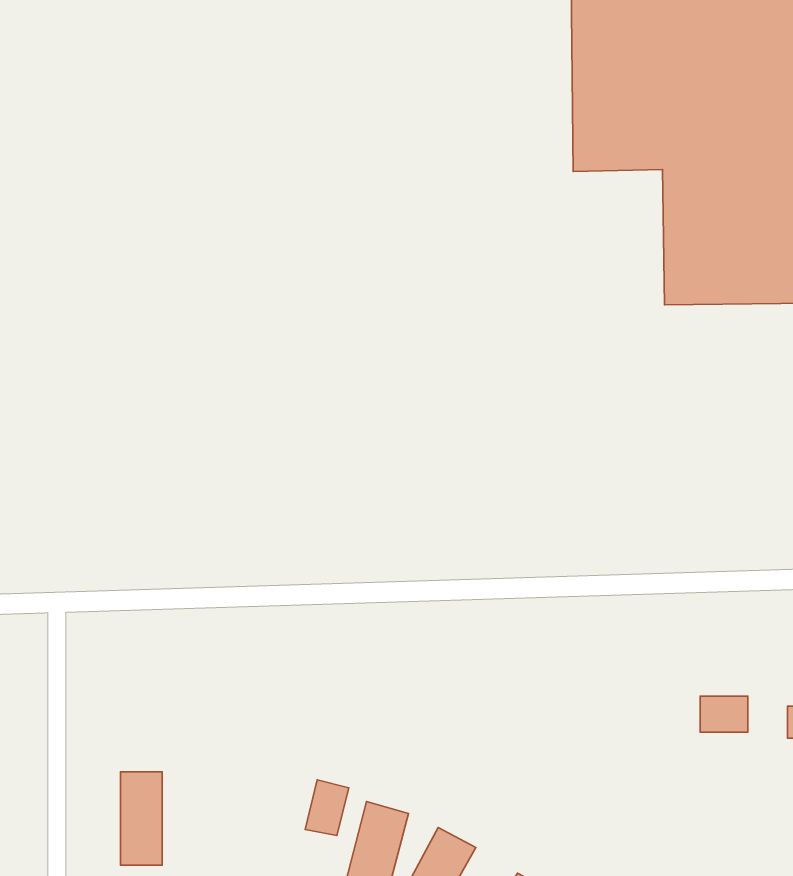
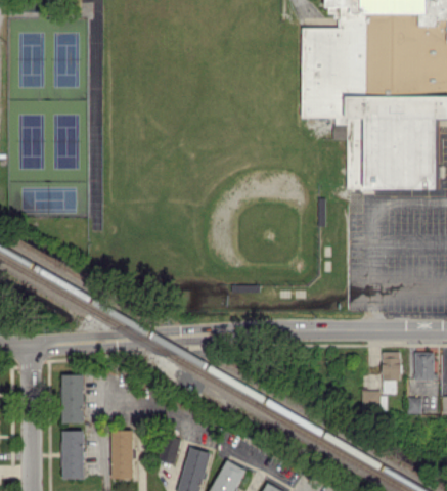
building: none -> [383,352,402,393]
building: none -> [62,374,85,423]
building: none -> [113,431,134,479]

